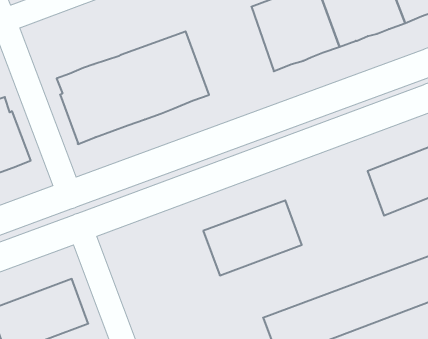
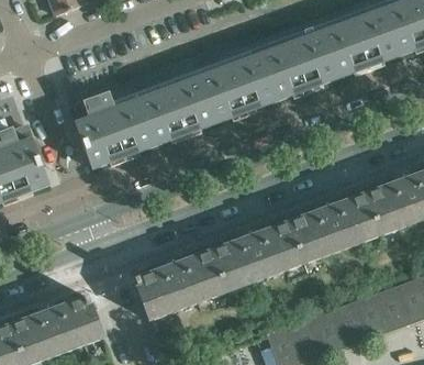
building: none -> [193,41,276,123]
building: none -> [287,195,379,264]
building: none -> [134,251,225,321]

